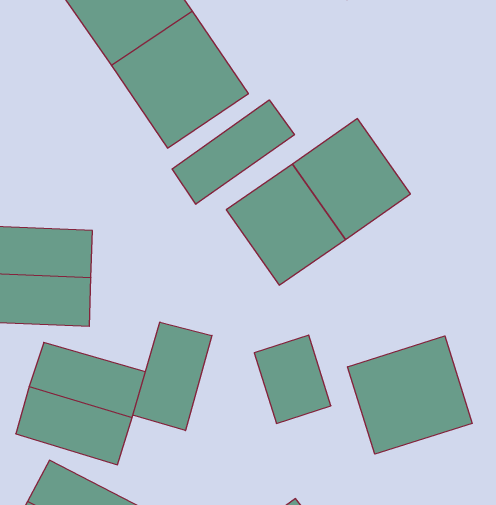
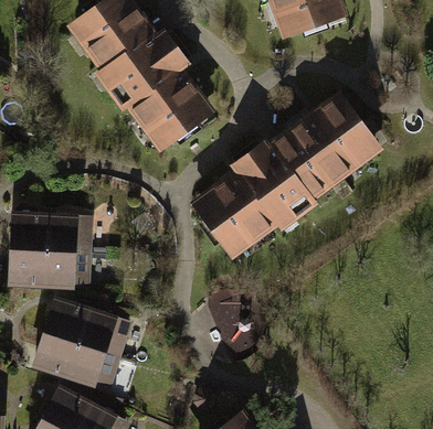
building: none -> [291,97,379,187]
building: [172,100,294,204] -> none
building: [133,322,212,431] -> none
building: [348,336,472,454] -> none

